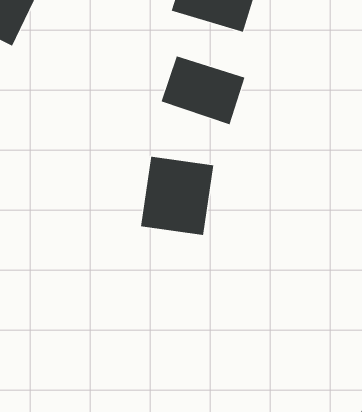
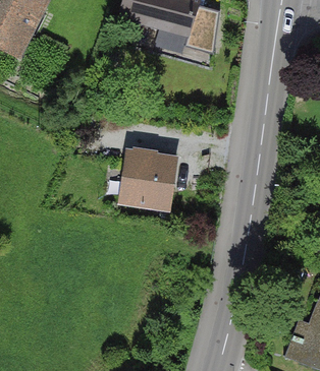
building: [161,55,245,125] -> none

